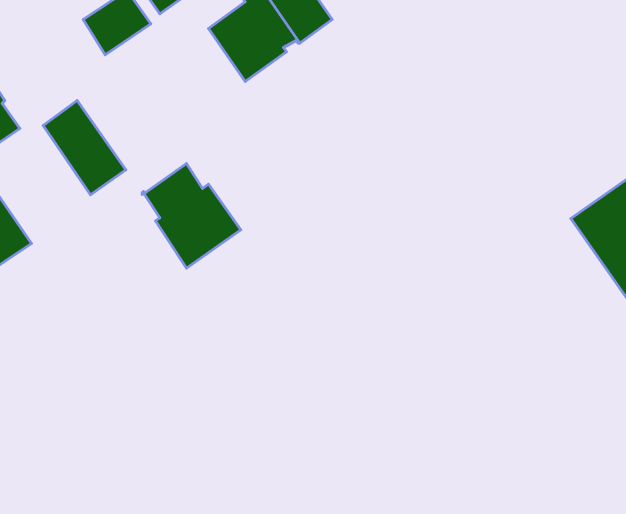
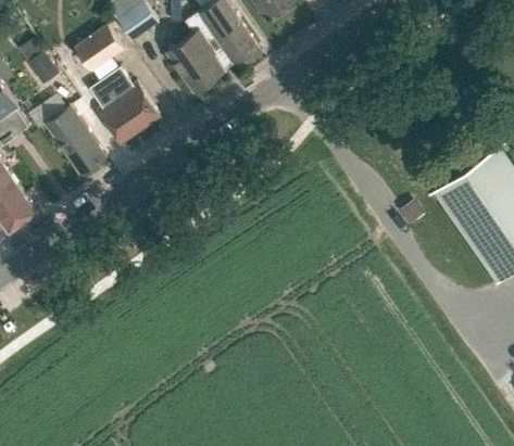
building: none -> [27,51,60,86]
building: [142,163,241,268] -> [87,66,160,143]

